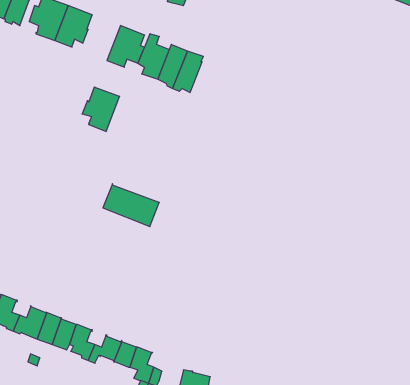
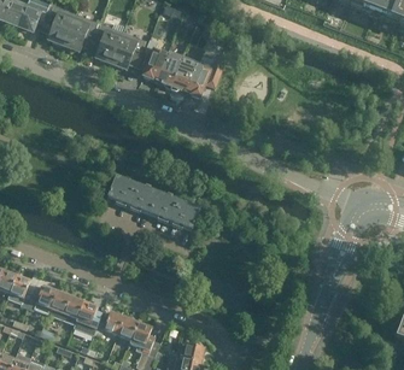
building: none -> [186,59,222,95]
building: [82,87,120,131] -> [89,22,123,61]
building: none -> [150,189,200,228]

